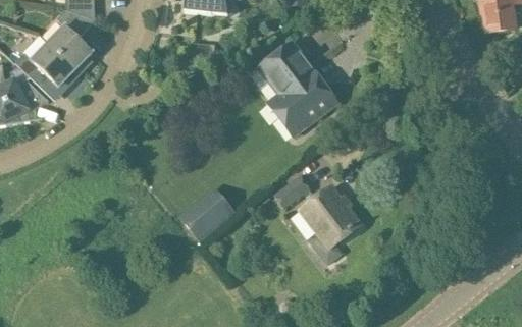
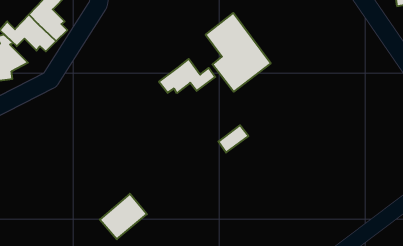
building: none -> [159,59,215,93]
building: [300,183,360,261] -> none
building: [176,184,232,238] -> [100,194,147,239]

